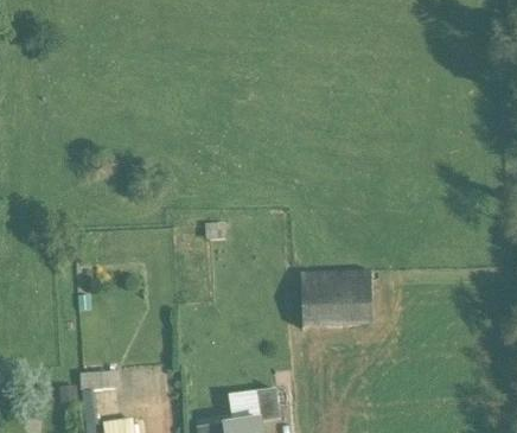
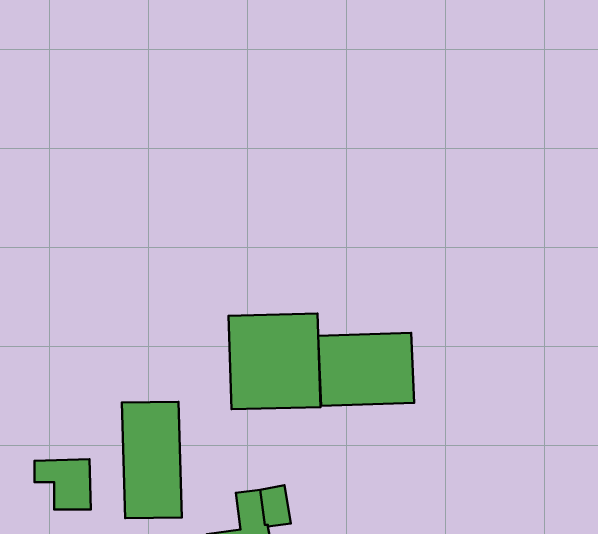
building: none -> [228,314,321,409]
building: none -> [122,402,182,518]

